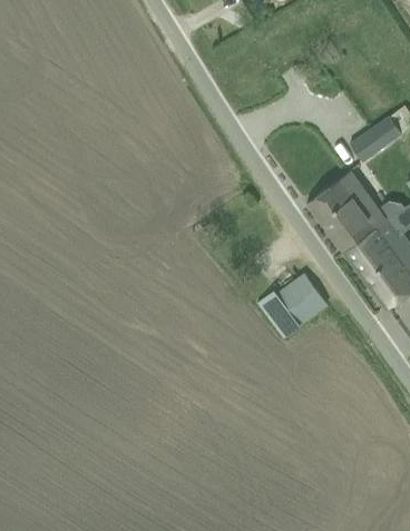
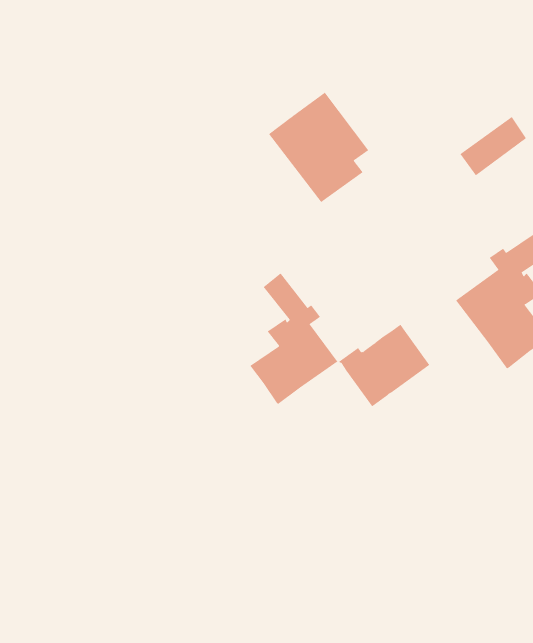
building: [310,169,387,254] -> [268,92,369,203]
building: none -> [250,273,338,405]

